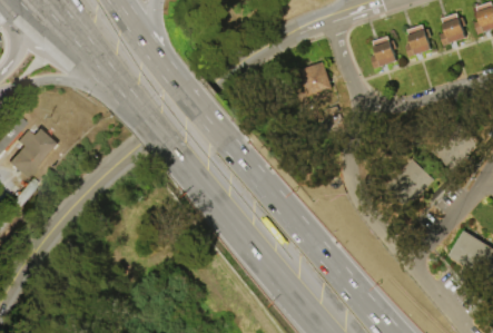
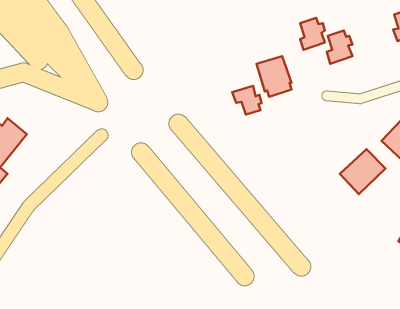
building: [405,23,431,57] -> [300,18,325,50]
building: none -> [232,86,262,115]

